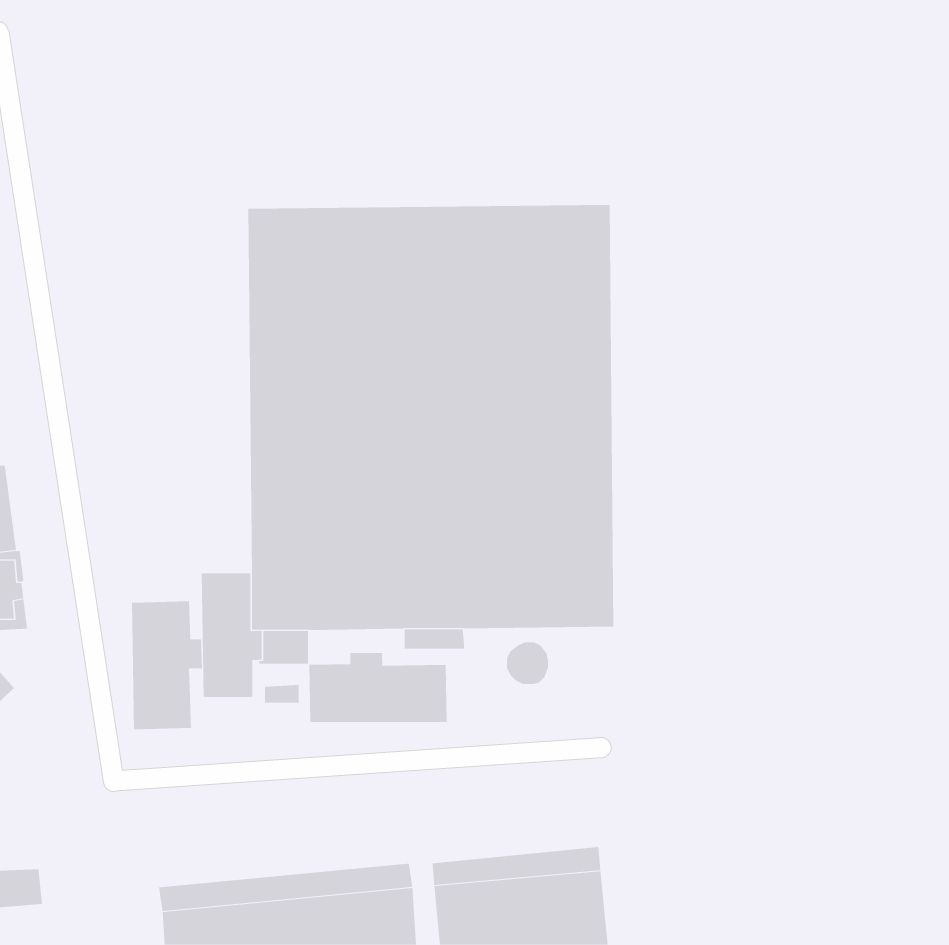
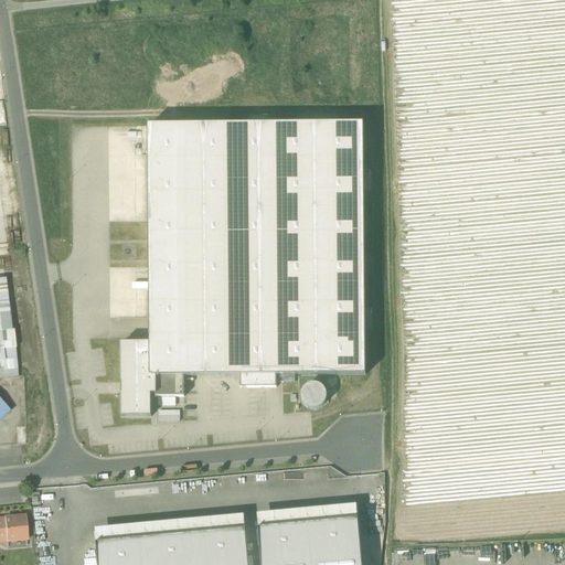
building: [132,601,202,730] -> none
building: [309,652,447,723] -> none

